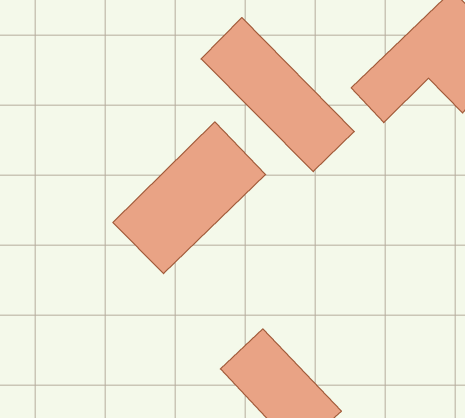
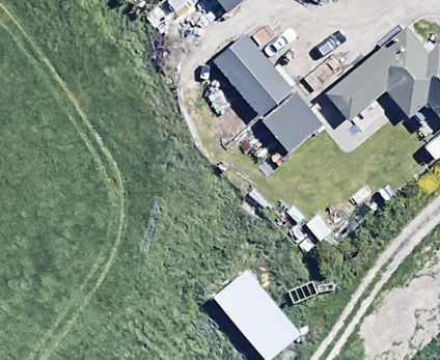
building: [113,122,266,274] -> none

